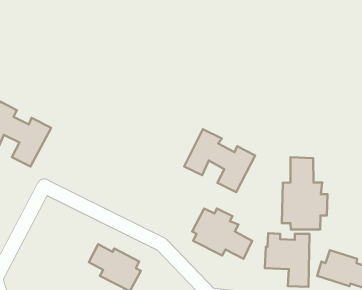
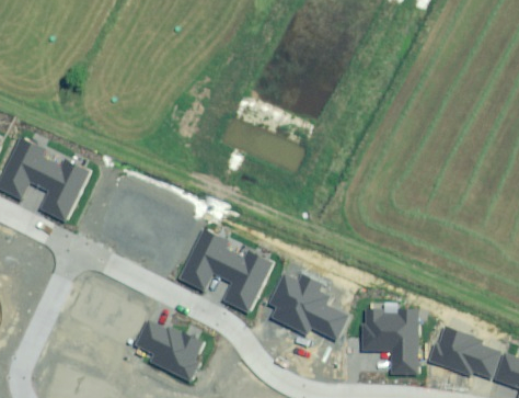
building: [184,129,255,192] -> [182,230,273,311]
building: [282,157,327,230] -> none

